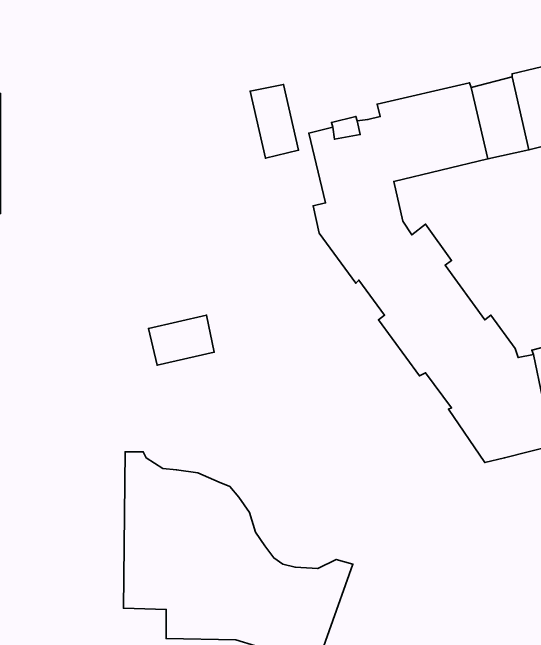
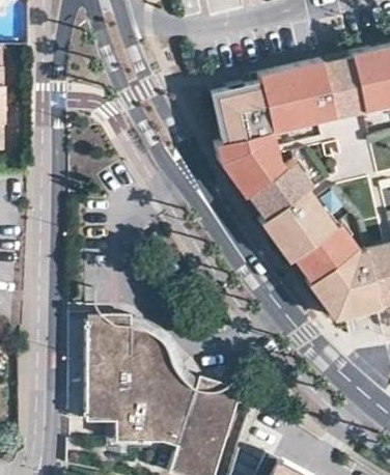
building: [250,85,299,158] -> none
building: [149,315,214,365] -> none

